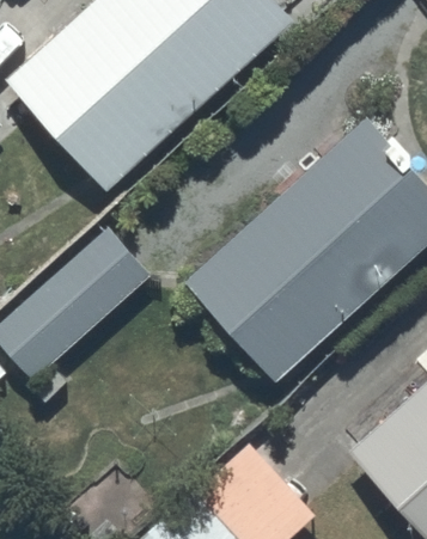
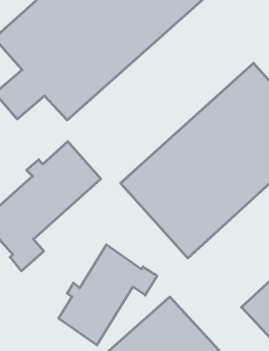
building: none -> [59,245,157,345]

